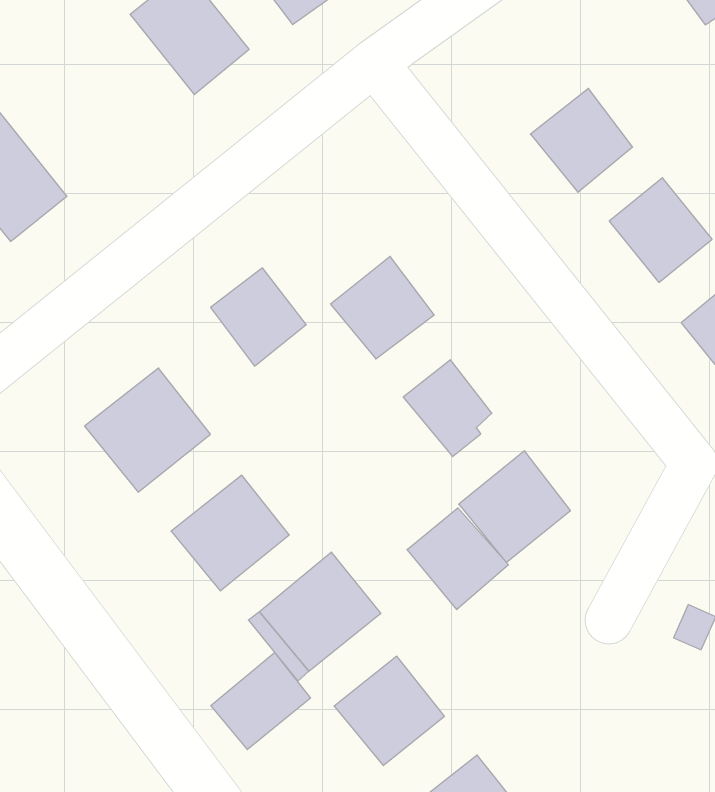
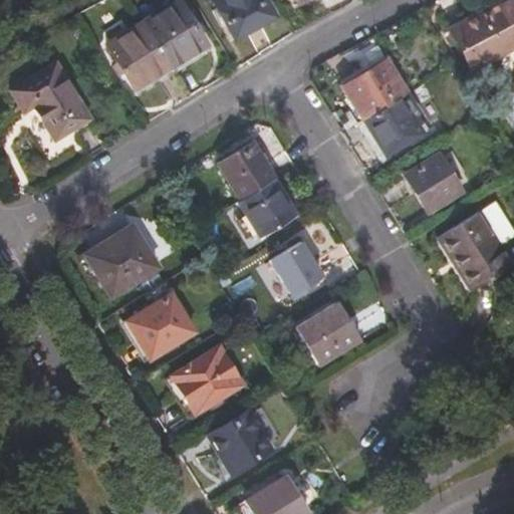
building: none -> [106,18,174,91]
building: none -> [344,58,407,117]
building: [211,268,306,366] -> [221,142,275,198]
building: [407,508,508,610] -> none
building: [211,652,310,750] -> none

